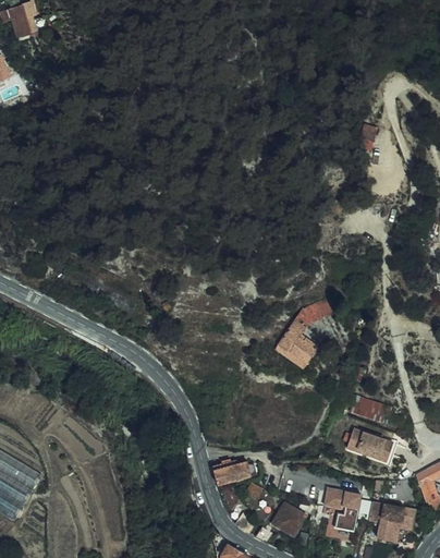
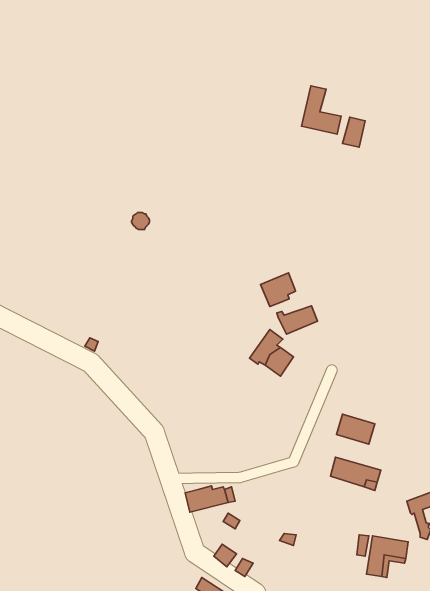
building: none -> [301,86,341,134]
building: none -> [260,273,295,306]
building: [325,489,362,533] -> none
building: [274,505,306,537] -> none

